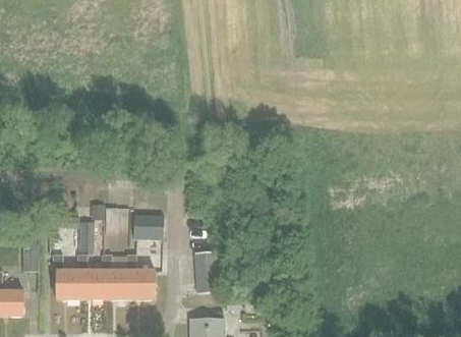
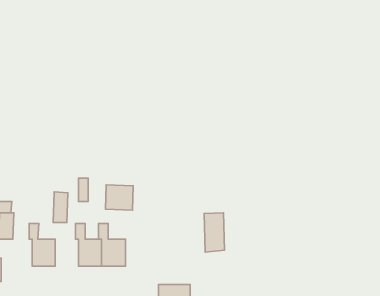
building: [196,251,218,293] -> [204,213,225,252]
building: [78,255,106,299] -> none

